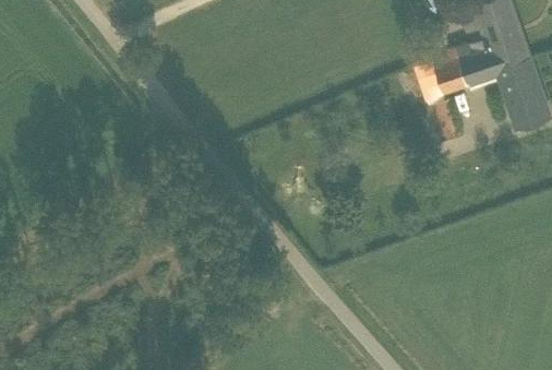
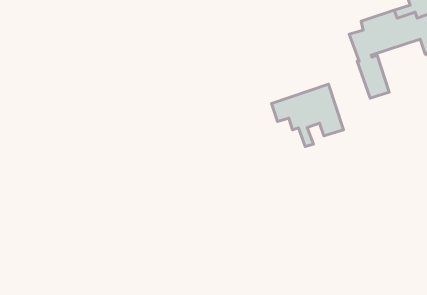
building: none -> [271,84,343,147]

